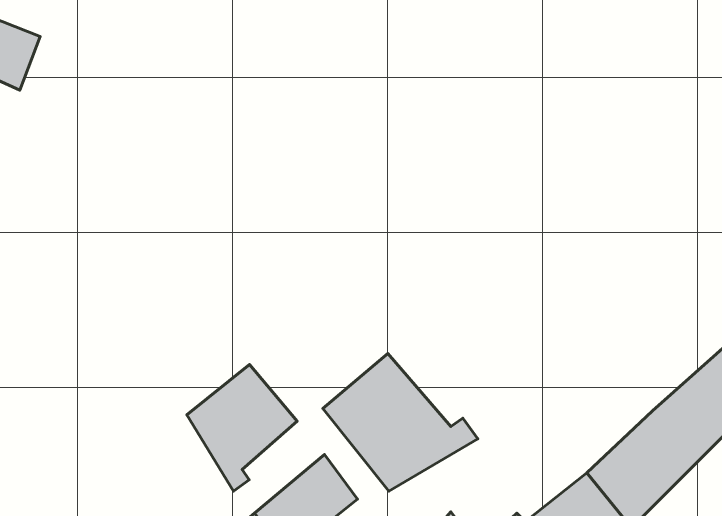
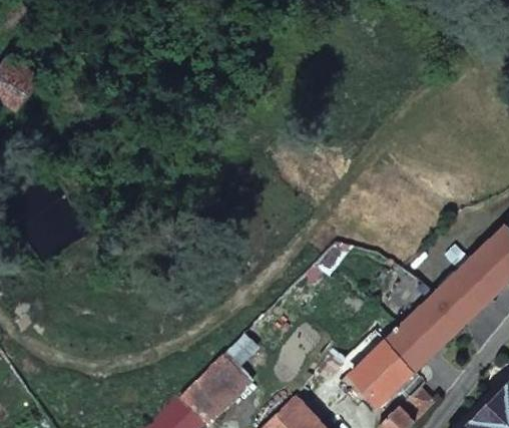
building: [323,354,478,491] -> none
building: [187,365,297,491] -> none

